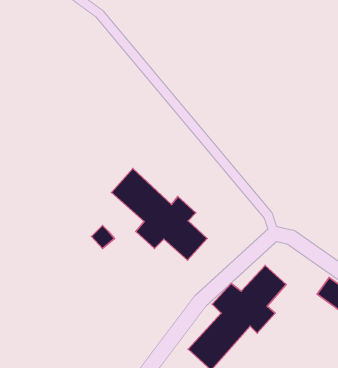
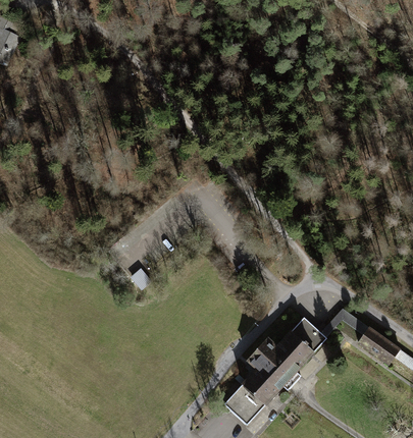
building: [112,169,207,260] -> none

